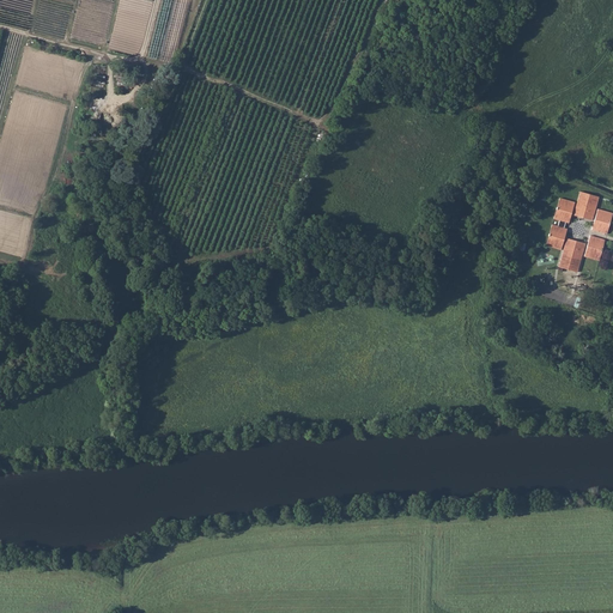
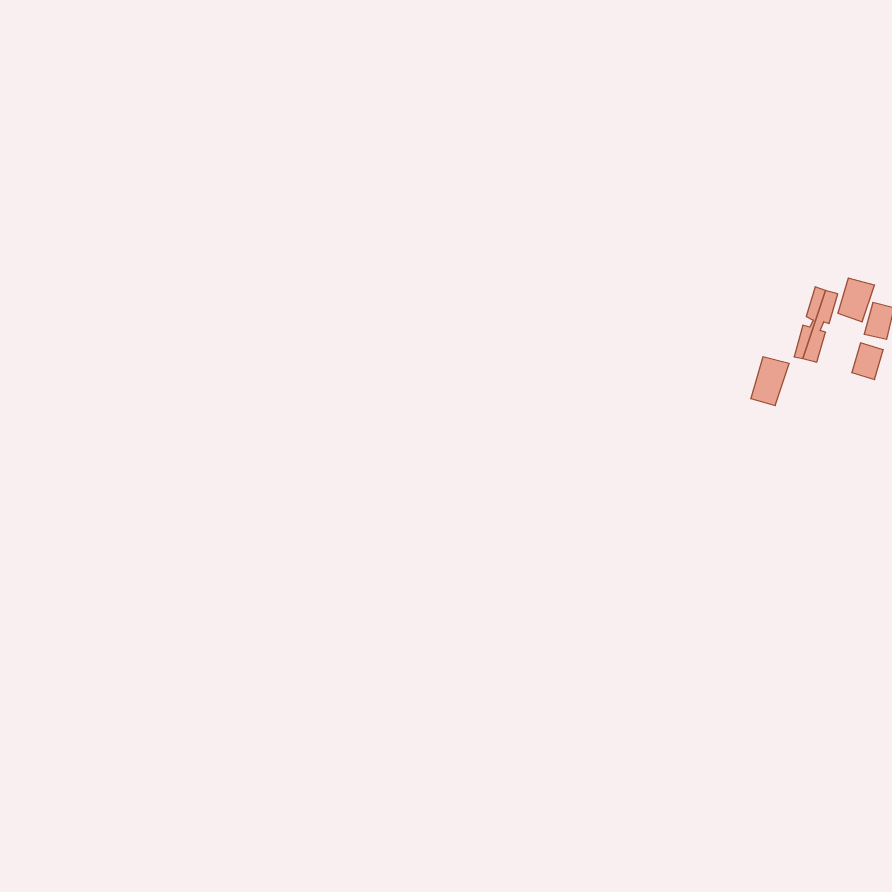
building: [559,238,585,272] -> [751,357,789,406]

